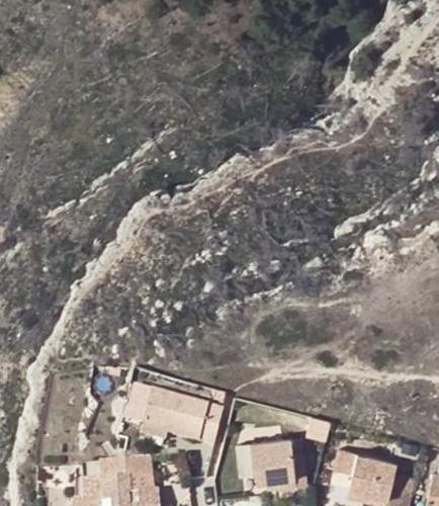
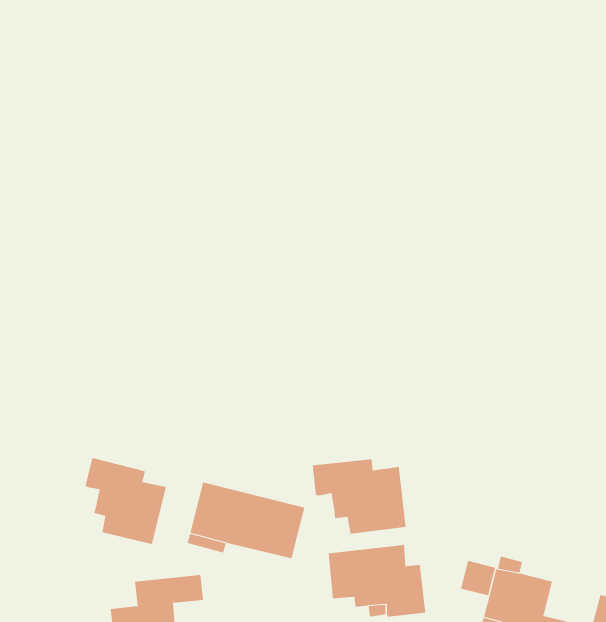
building: none -> [85,457,167,545]
building: none -> [312,459,406,534]

